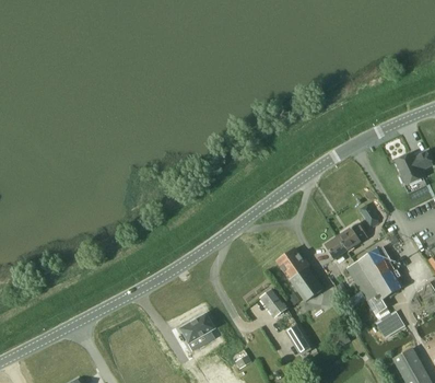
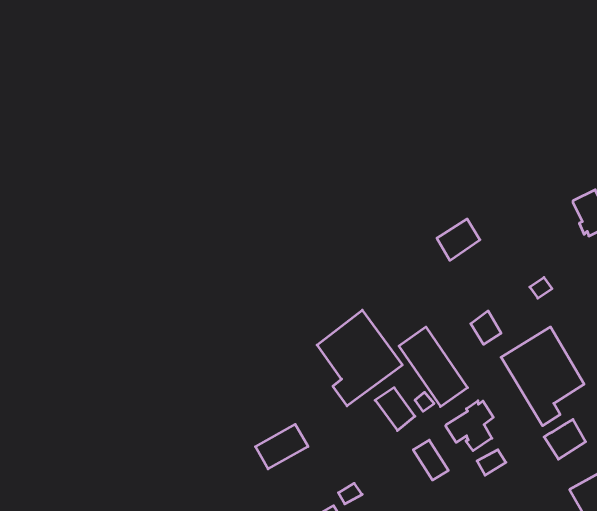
building: [338,222,367,251] -> [437,219,480,260]
building: none -> [317,310,402,406]
building: none -> [446,401,493,451]

